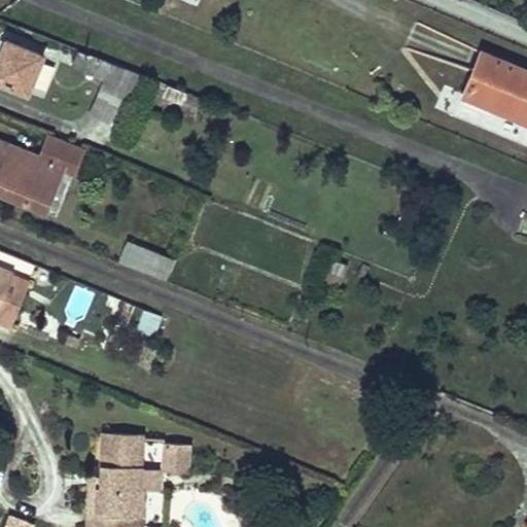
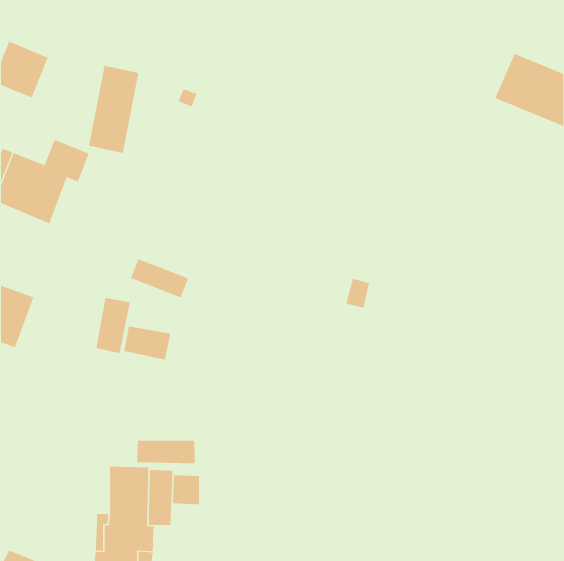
building: none -> [96,297,131,354]
building: none -> [137,440,195,464]

